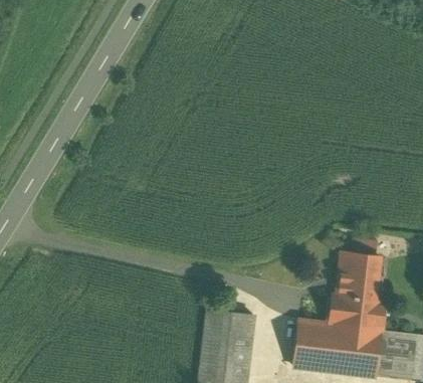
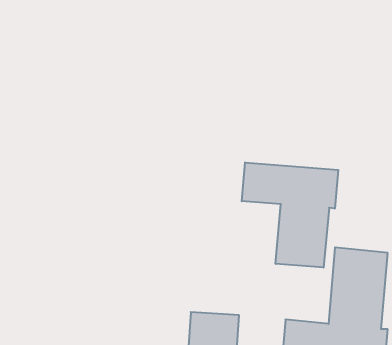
building: none -> [242,162,338,268]

